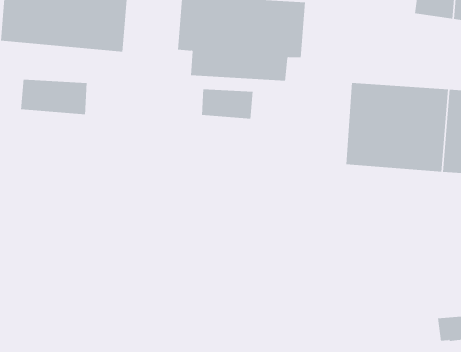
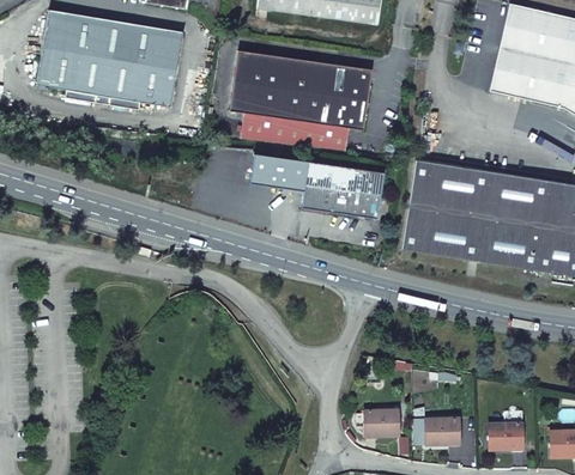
building: [20,79,87,115] -> none
building: none -> [303,160,385,218]
building: none -> [365,408,399,436]
building: none -> [425,416,460,444]

